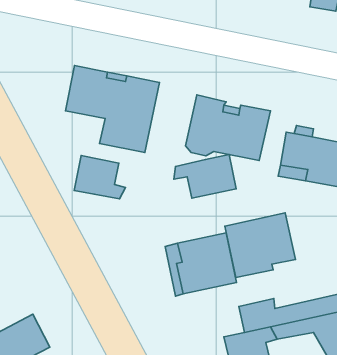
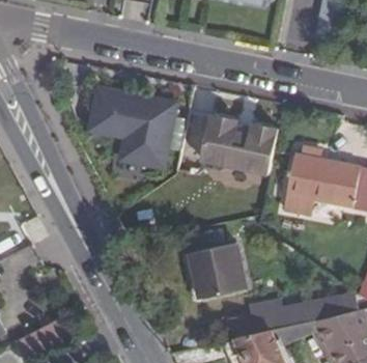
building: [174,155,236,198] -> none
building: [74,156,126,199] -> none
building: [225,213,296,277] -> none

